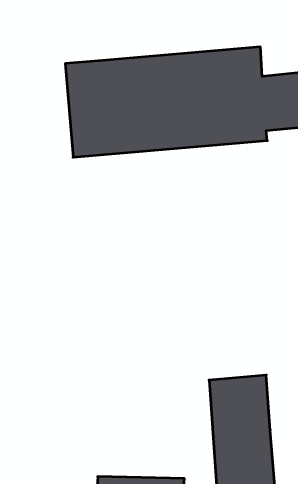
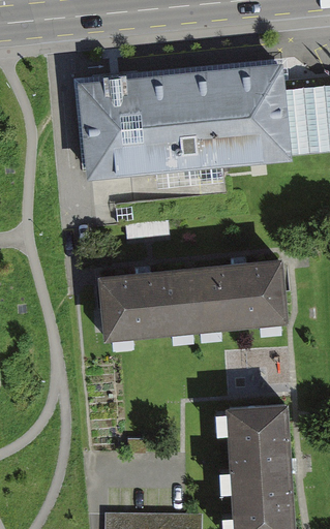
building: none -> [98,261,287,339]

